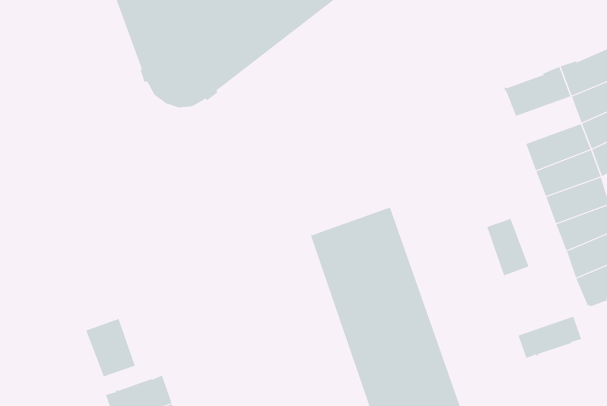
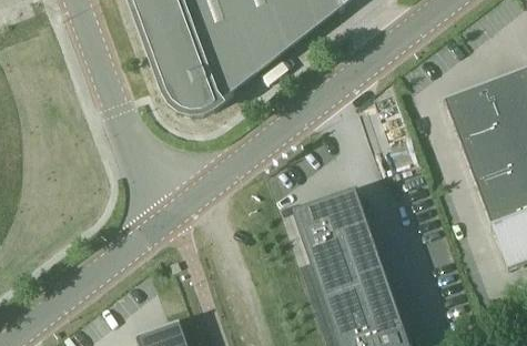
building: none -> [453,104,504,141]
building: [487,218,529,276] -> none
building: [518,316,582,359] -> none
building: [85,318,135,377] -> none

